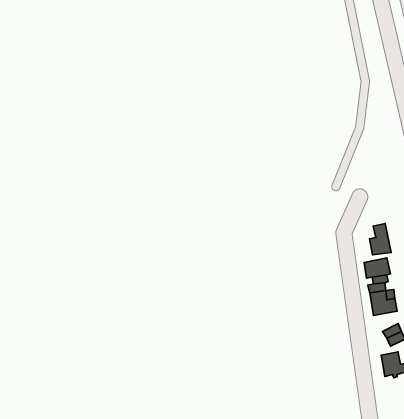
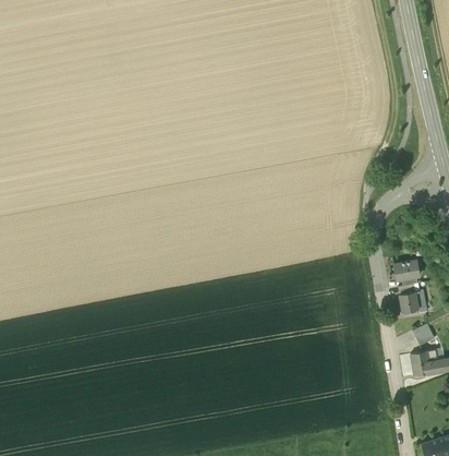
building: [370,223,391,255] -> none

